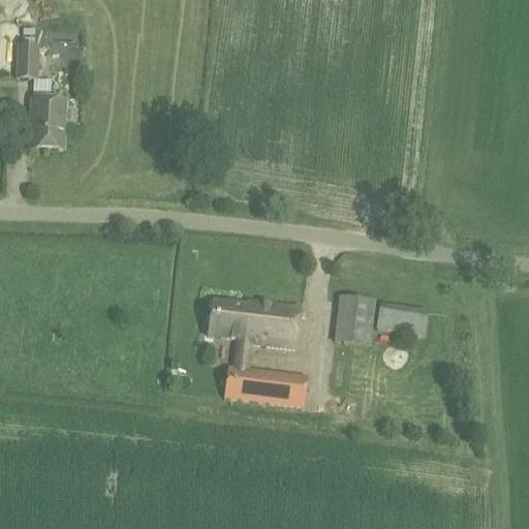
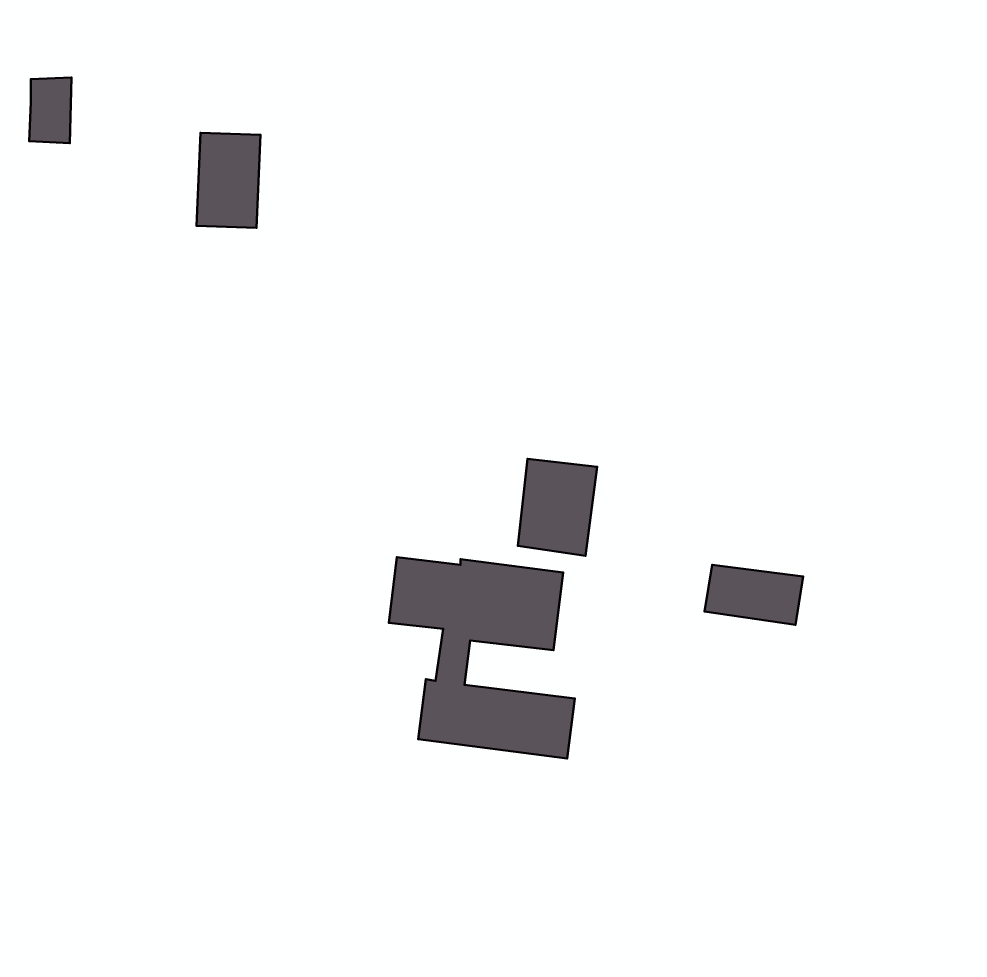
building: [30,96,64,147] -> [197,133,260,228]
building: [333,292,375,344] -> [518,459,597,556]

